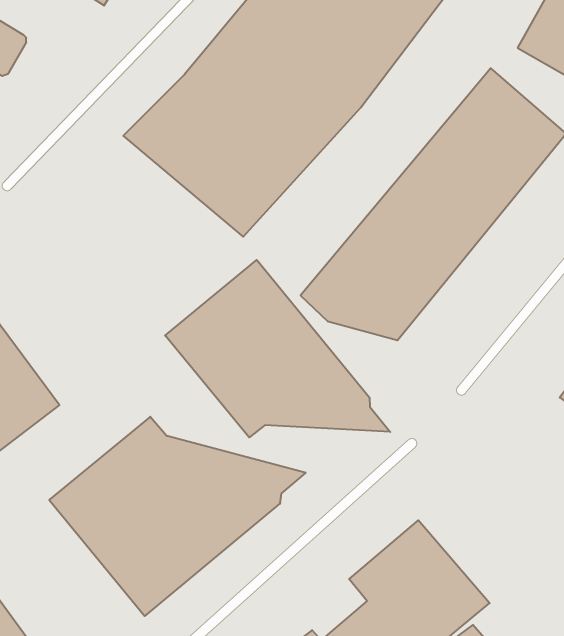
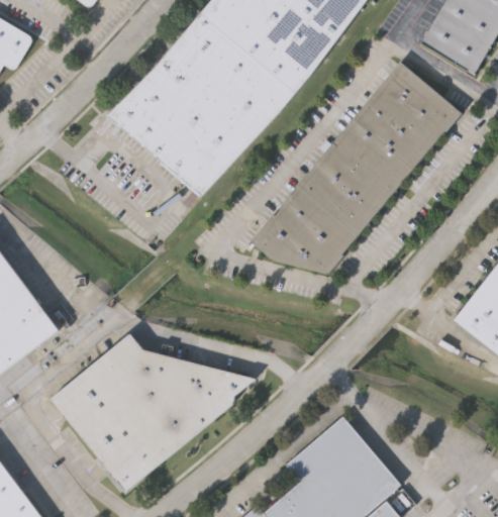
building: [165,260,390,437] -> none

